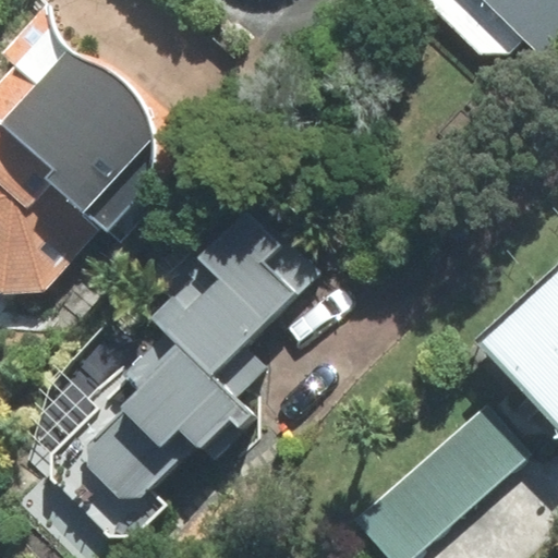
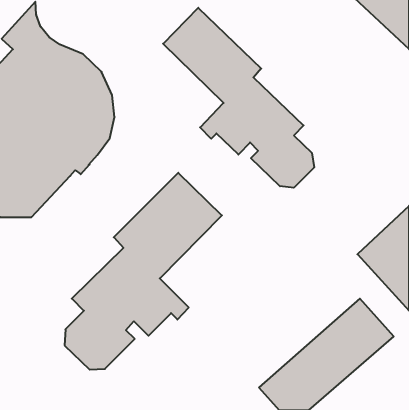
building: none -> [163,8,314,188]

